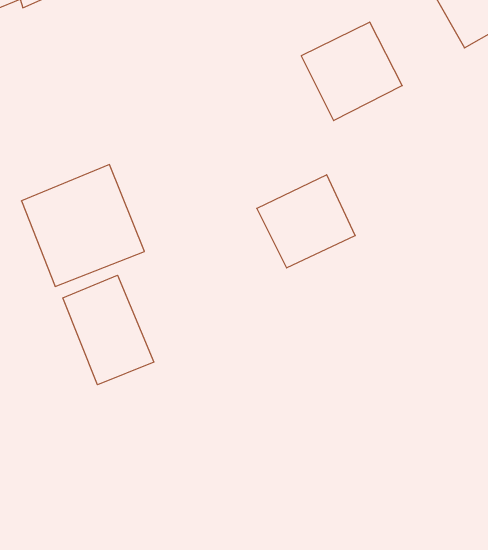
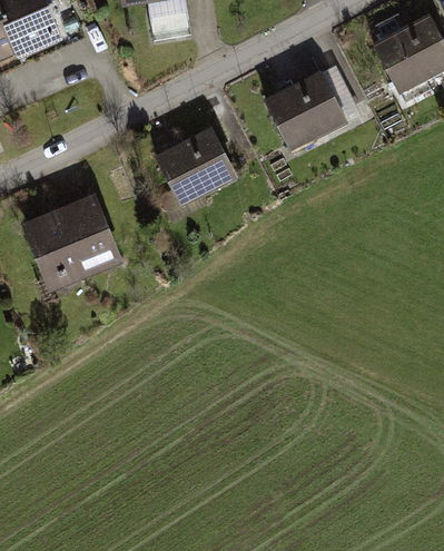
building: [257,175,355,268] -> [155,125,239,205]
building: [63,275,154,385] -> none

